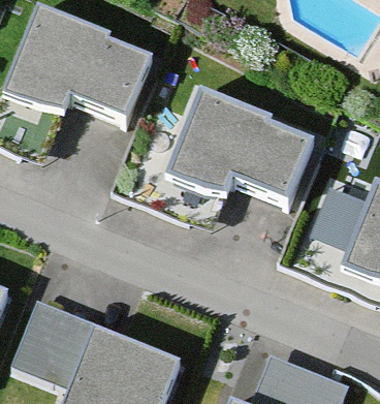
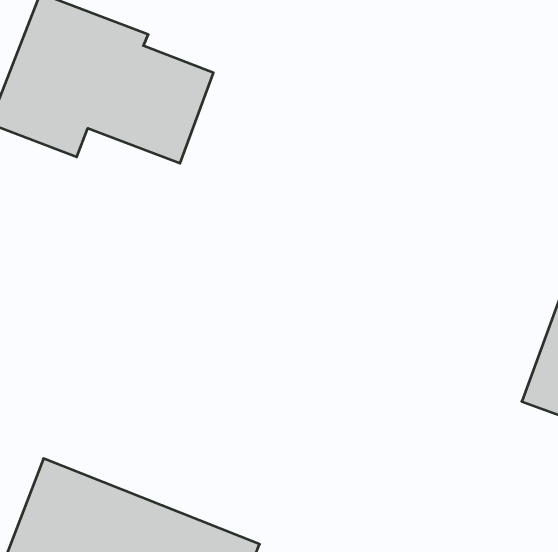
building: [167,87,313,197] -> none

